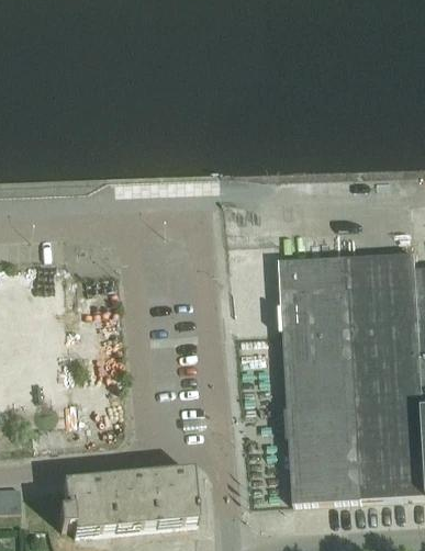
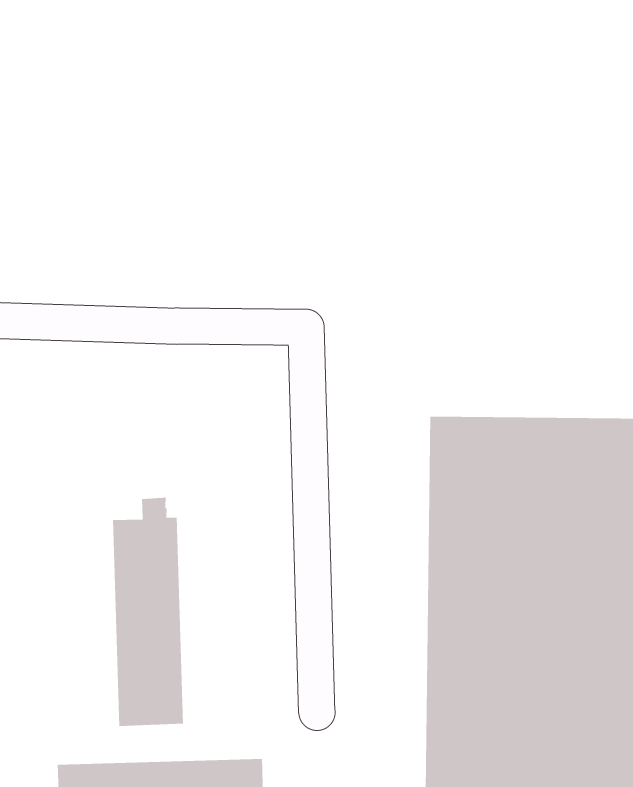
building: none -> [112,497,184,727]

